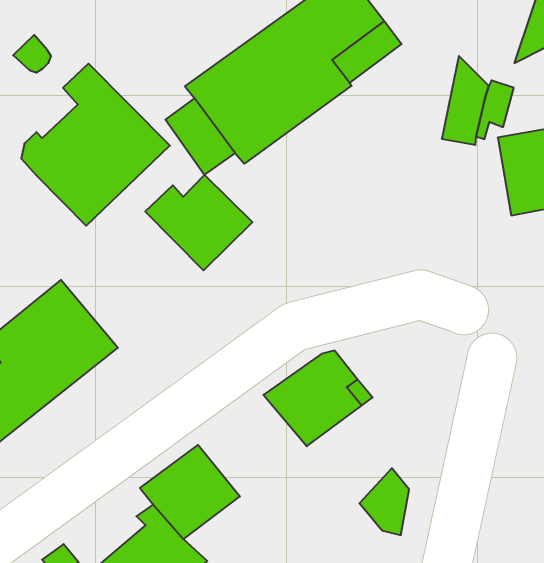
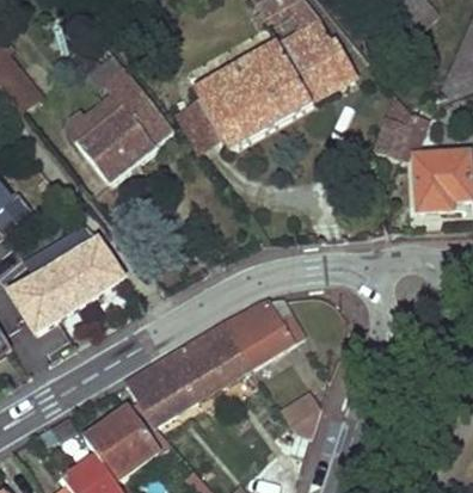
building: [145,175,252,270] -> none
building: none -> [173,321,252,393]

